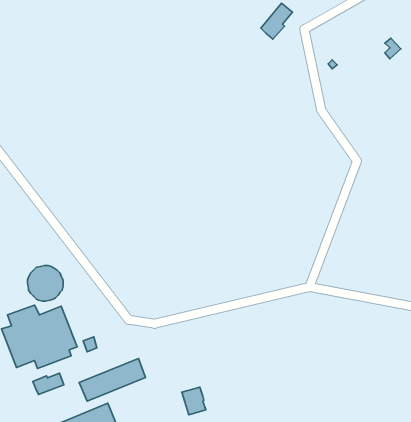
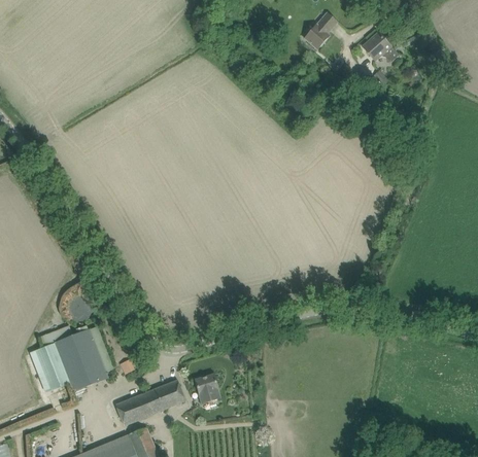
building: none -> [361,32,397,62]
building: [33,373,64,394] -> none
building: [182,387,206,415] -> [194,375,218,403]

